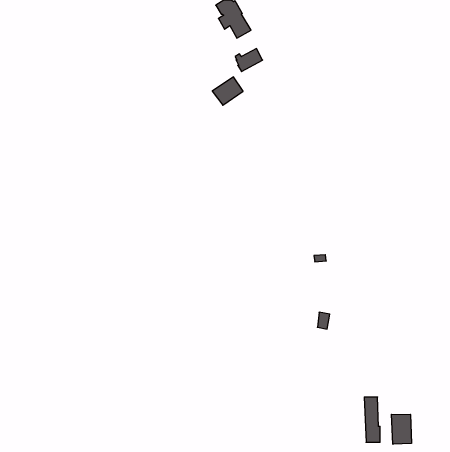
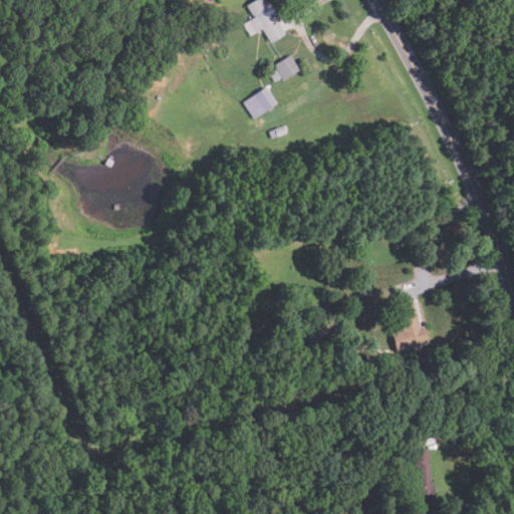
building: none -> [393,300,429,351]
building: [391,414,411,444] -> none

